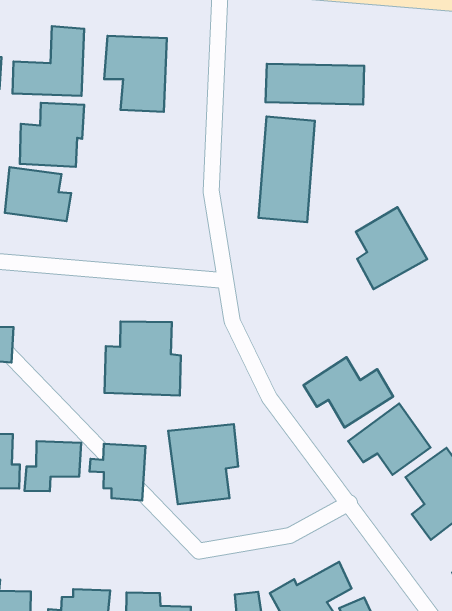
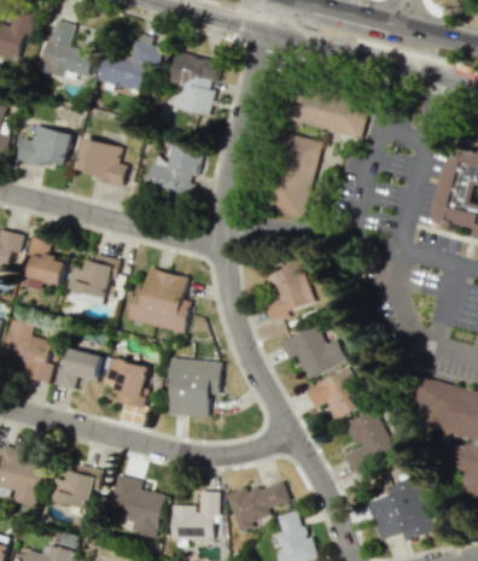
building: [20,103,84,167] -> [146,145,203,198]
building: [356,207,427,289] -> [262,263,315,322]
building: none -> [66,255,116,308]

